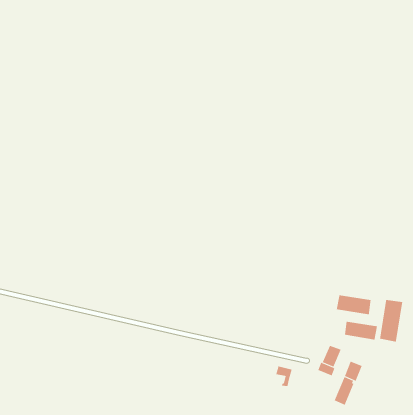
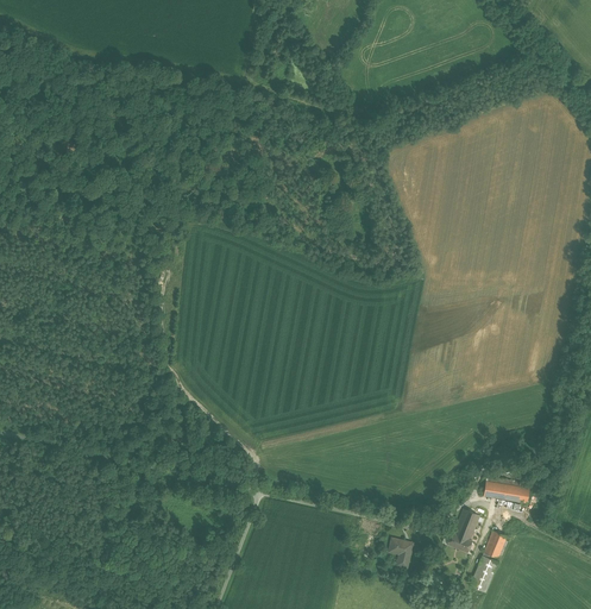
building: [336,295,371,315] -> none
building: [379,299,403,342] -> none

